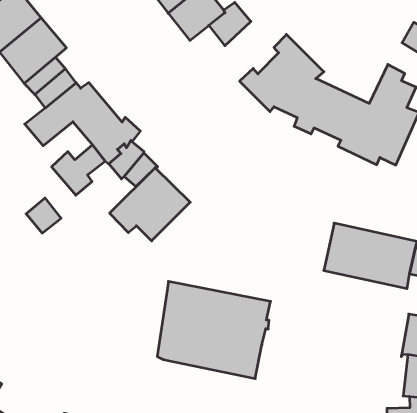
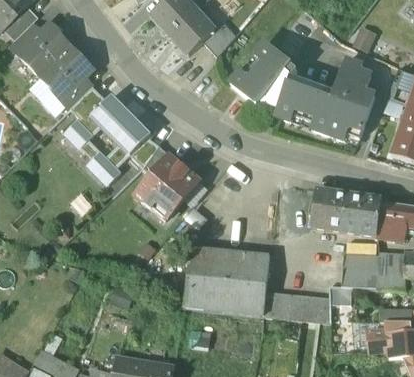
building: none -> [341,255,379,289]
building: none -> [262,290,330,323]

